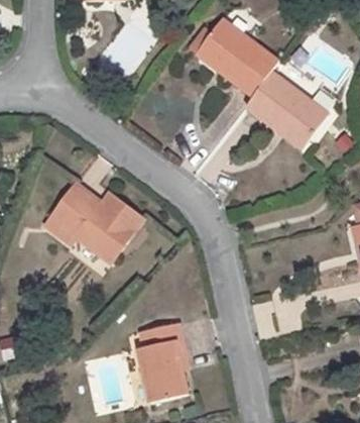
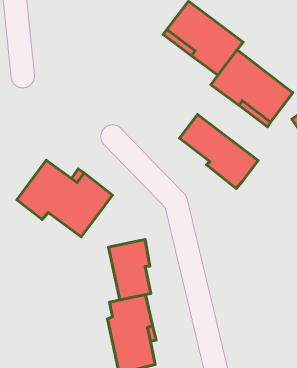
building: none -> [180,114,258,188]
building: none -> [108,240,151,300]

